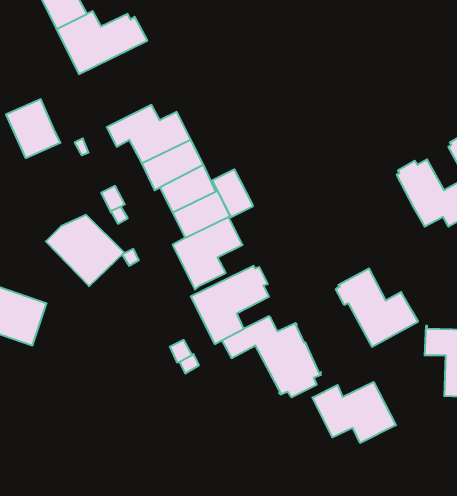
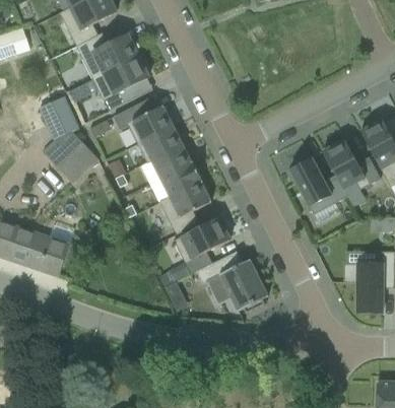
building: none -> [92,54,150,111]
building: [212,169,253,217] -> none
building: [46,215,124,286] -> [43,131,100,183]
building: [336,268,418,347] -> [287,157,347,214]
building: [312,382,396,443] -> none

